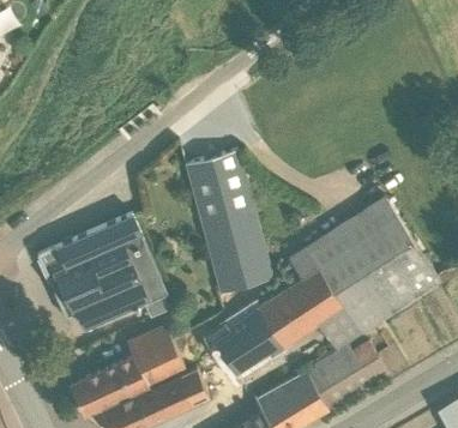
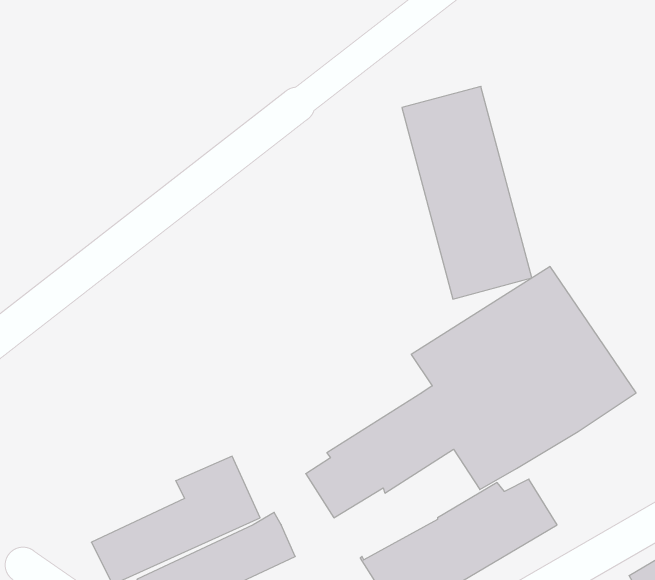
building: [185,151,273,296] -> [402,86,532,299]
building: [54,216,168,331] -> none

